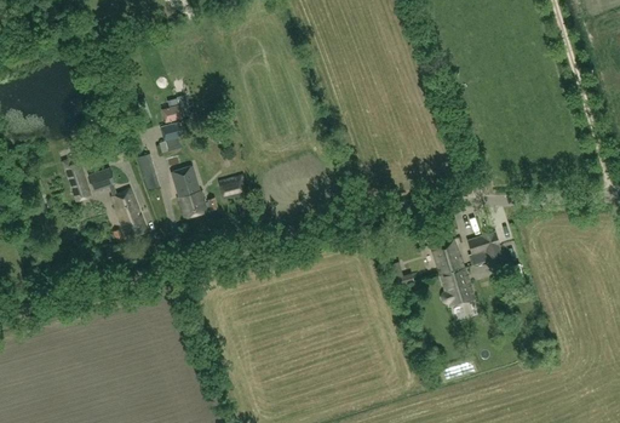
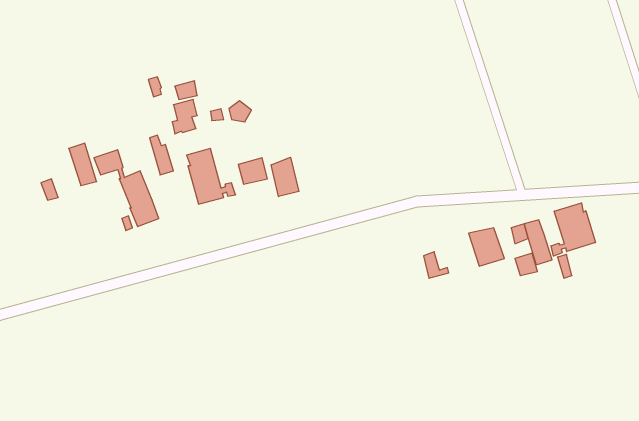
building: none -> [271,157,299,197]
building: none -> [551,203,595,256]
building: [441,268,475,305] -> none

